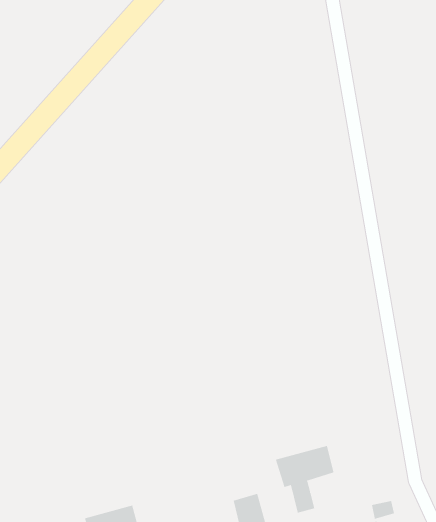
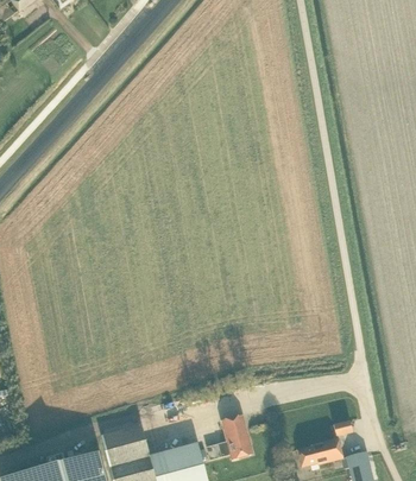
building: [275,445,334,514] -> none

